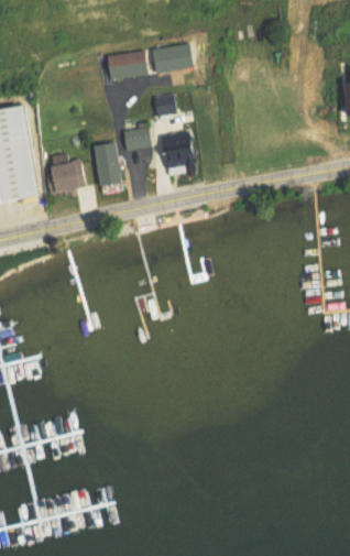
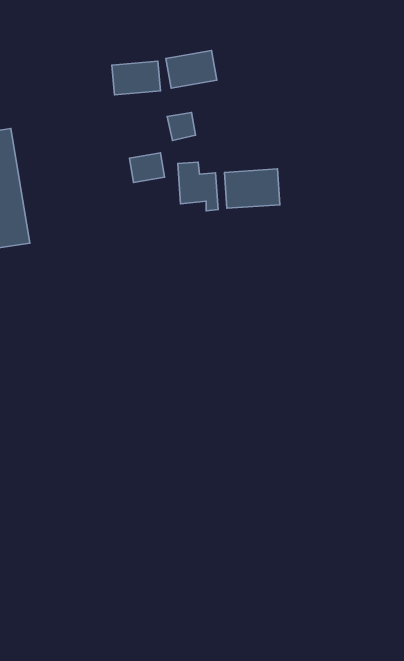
building: none -> [225,169,280,208]
building: [92,143,119,186] -> none
building: [42,153,84,195] -> none

